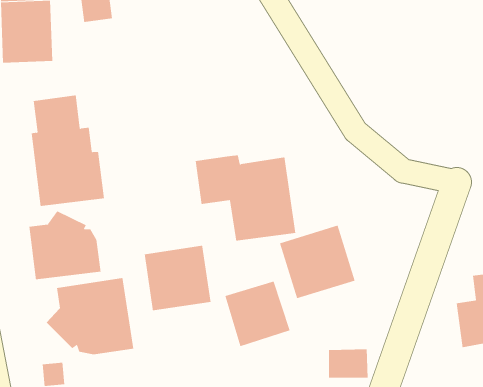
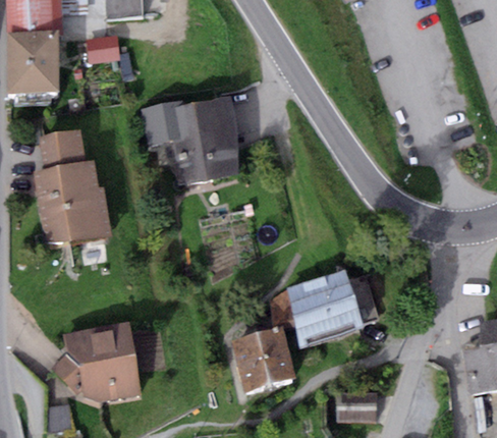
building: [195,155,296,241] -> [141,105,242,191]
building: [29,211,101,280] -> none
building: [144,245,211,311] -> none

